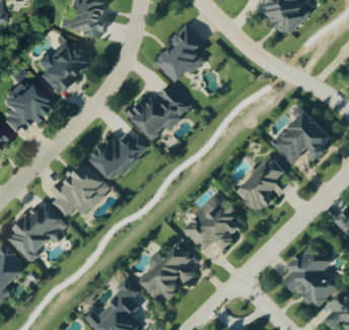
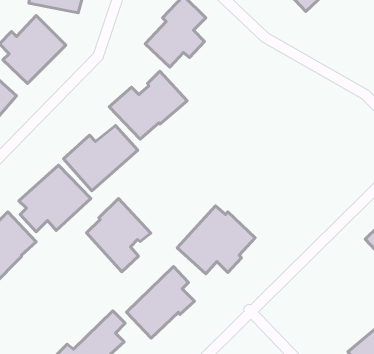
building: [272,112,334,166] -> none
building: [235,157,289,214] -> none
building: none -> [87,198,151,272]
building: [284,243,339,311] -> none

